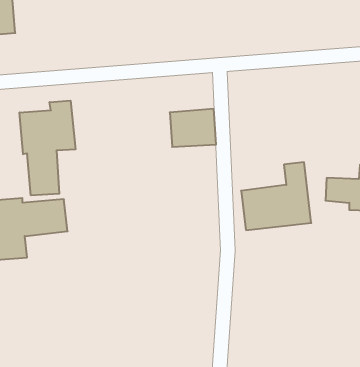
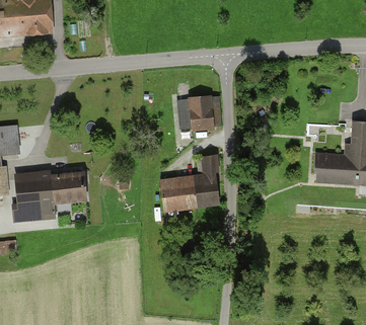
building: [20,101,75,195] -> none
building: [241,162,311,230] -> [163,155,223,213]

